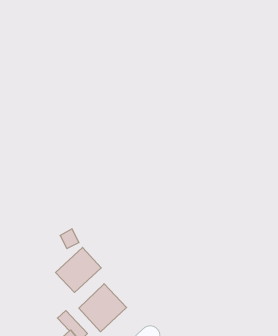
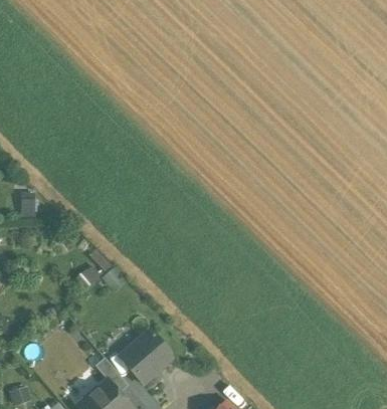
building: [56,247,101,292] -> none

